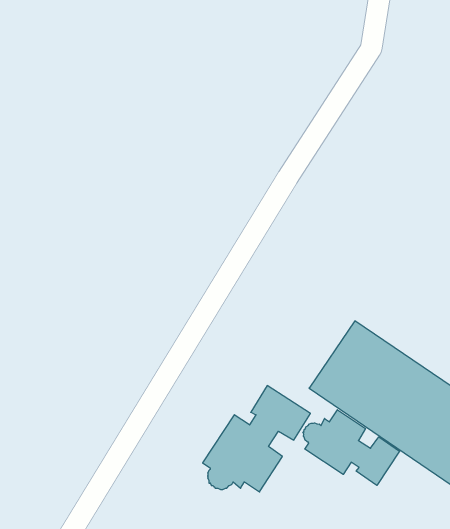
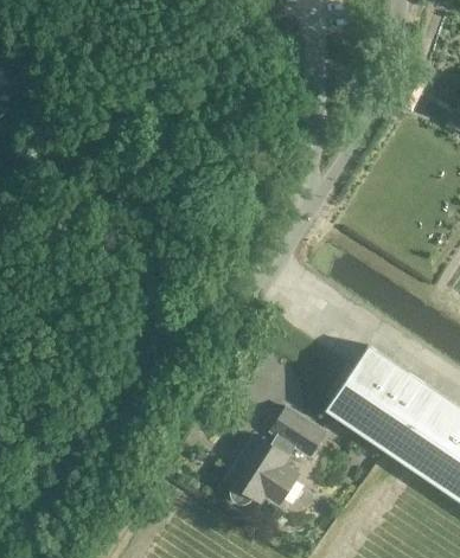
building: [303,410,400,485] -> none

